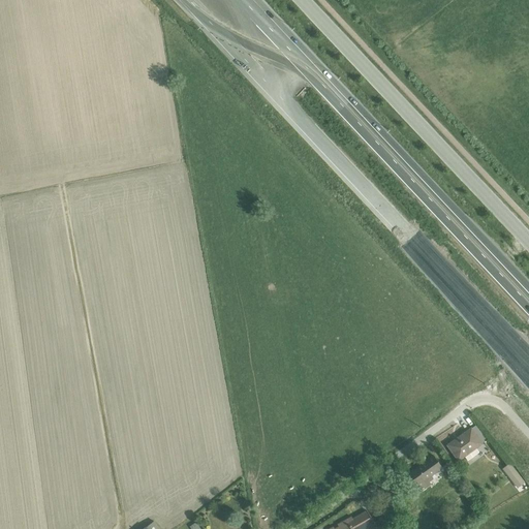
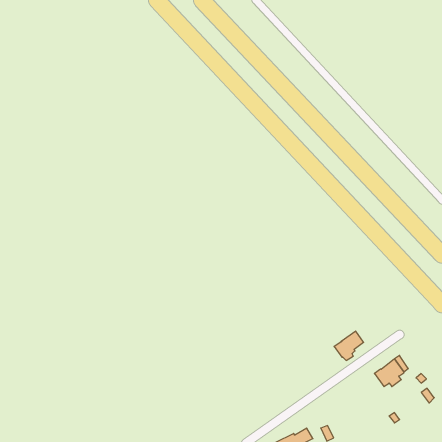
building: [407,456,442,491] -> [334,331,364,360]

